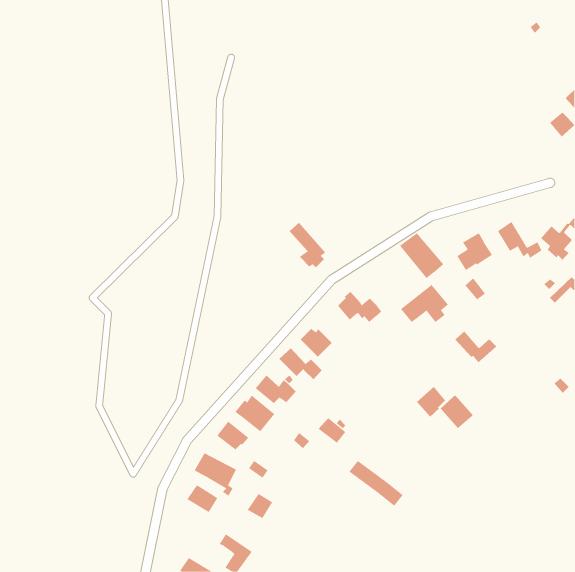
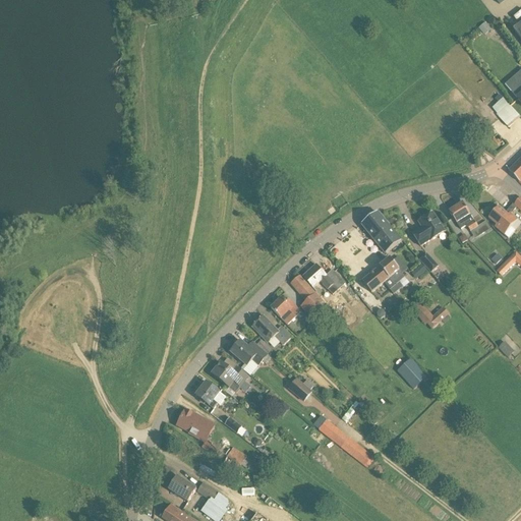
building: [289,222,326,268] -> [290,273,324,314]
building: [416,386,446,417] -> none
building: [187,485,218,513] -> [168,474,196,500]

